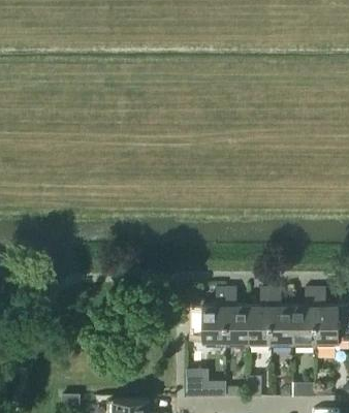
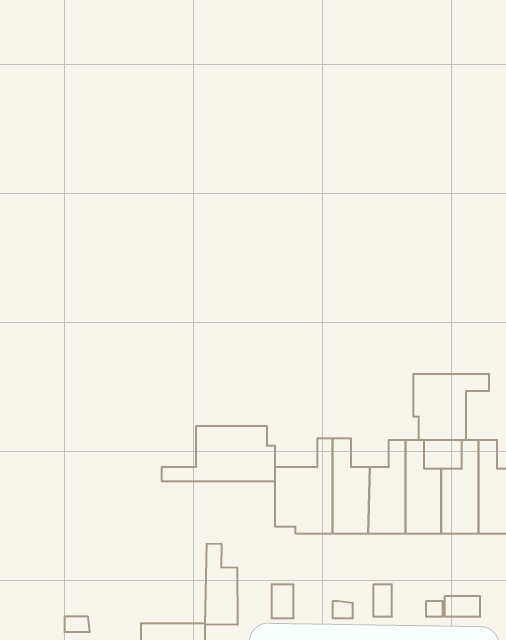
building: none -> [413,374,489,440]
building: none -> [162,426,275,481]
building: none -> [205,544,238,625]

